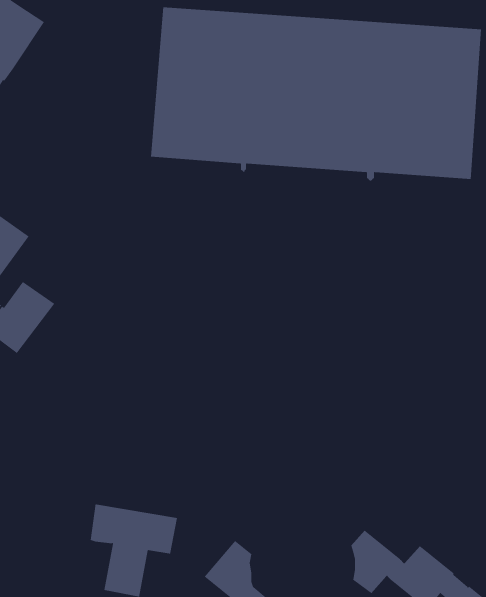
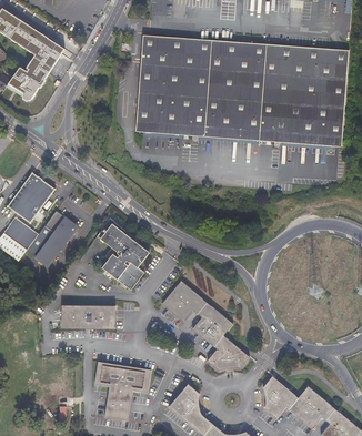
building: none -> [98,216,150,287]
building: none -> [162,280,249,368]
building: none -> [61,303,115,327]

